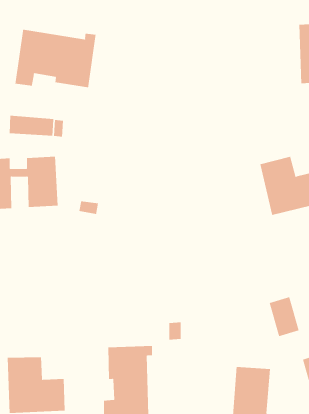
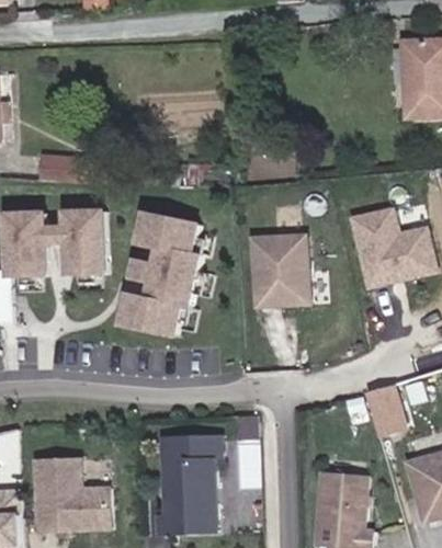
building: [15,29,96,88] -> none
building: none -> [120,214,195,335]
building: none -> [252,233,308,305]

